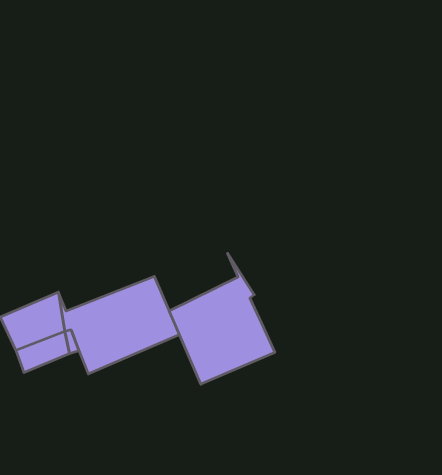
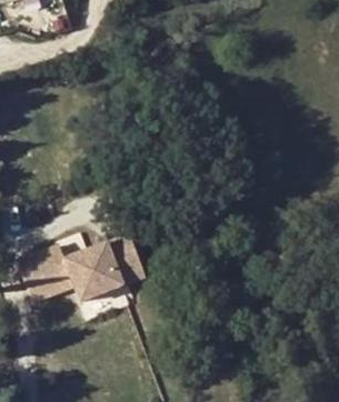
building: [169,253,275,384] -> none

